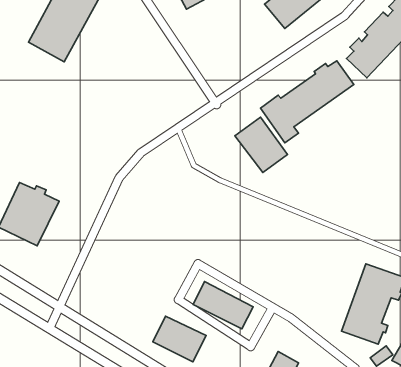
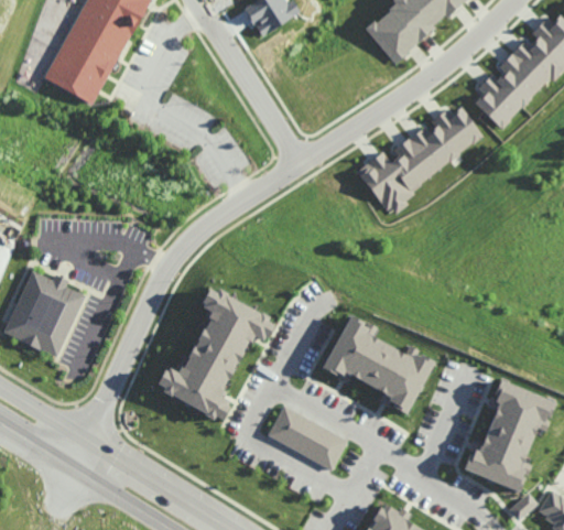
building: [235,117,287,173] -> none
building: none -> [154,289,275,419]
building: none -> [323,315,432,414]
building: [153,316,206,362] -> none

